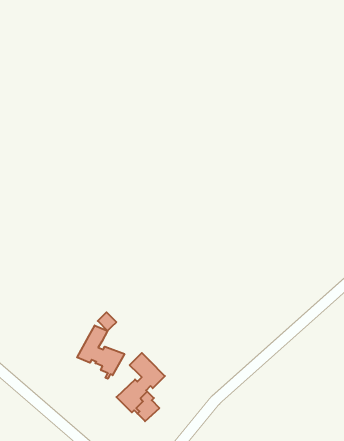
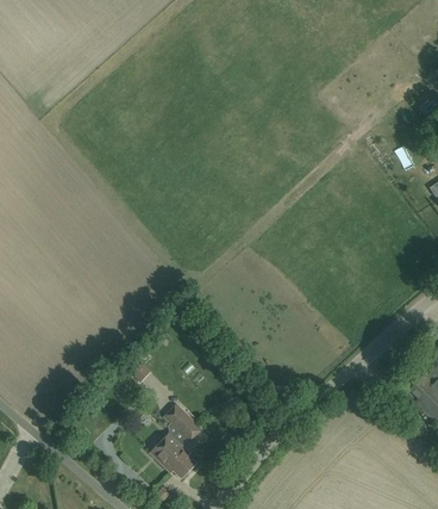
building: [77,325,124,379] -> none

